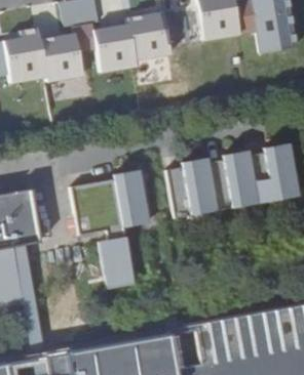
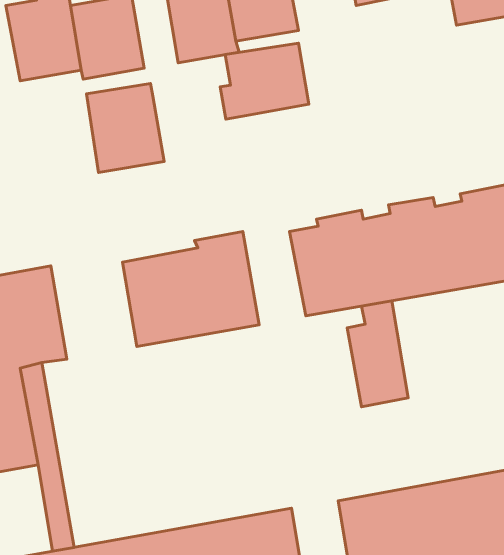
building: none -> [220,43,309,119]
building: none -> [87,83,164,173]
building: [99,227,134,288] -> [347,301,408,407]

